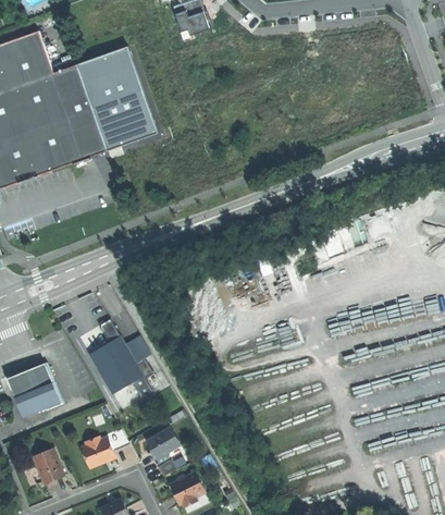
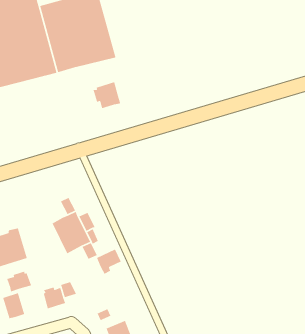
building: none -> [93,81,121,109]
building: none -> [6,270,32,292]
building: [147,427,182,464] -> [95,247,122,275]

